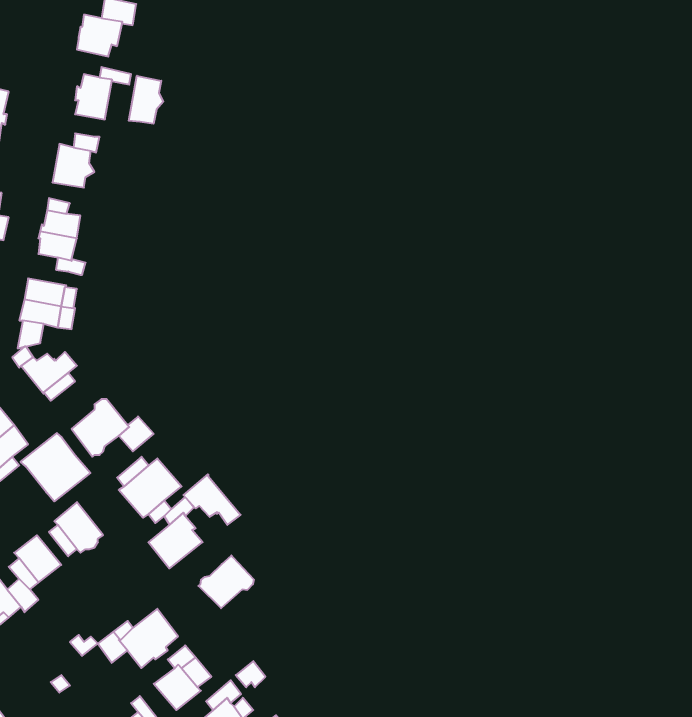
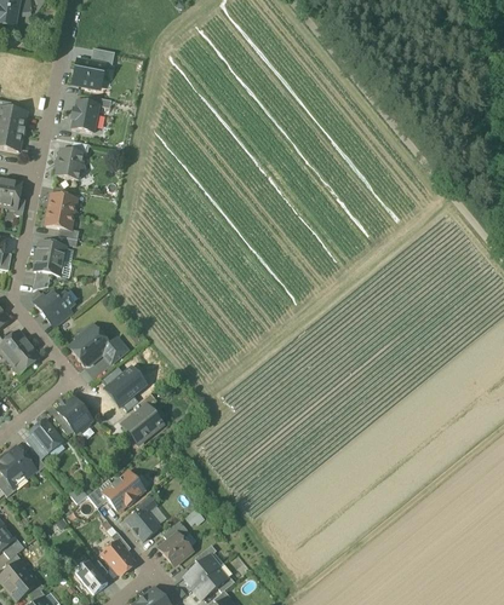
building: [129,76,163,124] -> none
building: [21,433,90,501] -> none
building: [183,474,241,525] -> none
building: [198,555,254,608] -> none

